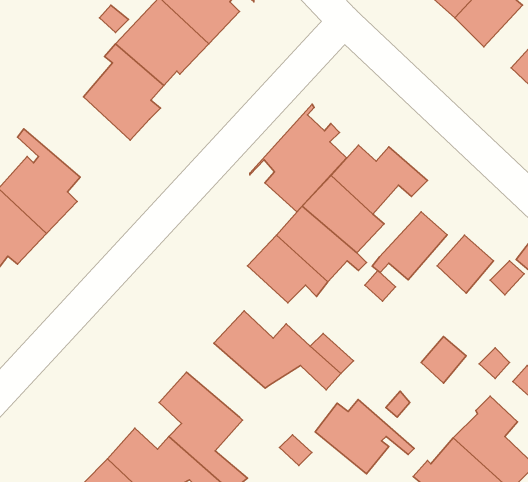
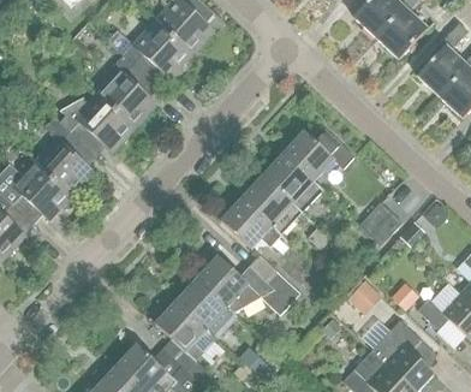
building: none -> [53,95,132,155]
building: [250,104,347,212] -> none
building: [372,212,447,280] -> none
building: none -> [174,279,233,334]
building: [315,400,414,474] -> none

